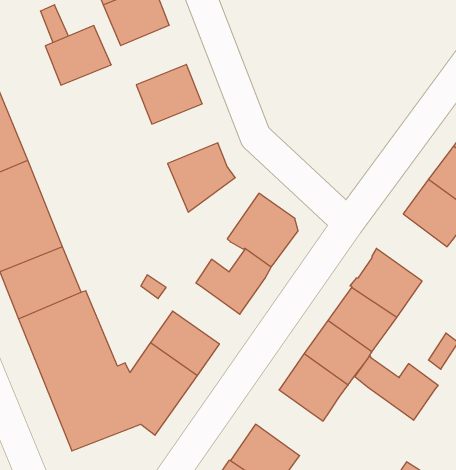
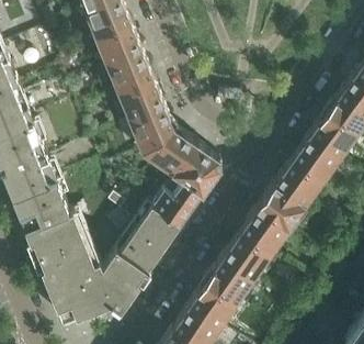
building: [45,26,111,85] -> [96,27,143,69]
building: none -> [118,82,164,124]
building: none -> [144,134,193,177]
building: none -> [276,159,325,207]
building: none -> [133,207,180,251]
building: [355,356,438,420] -> none
building: none -> [191,282,238,329]

